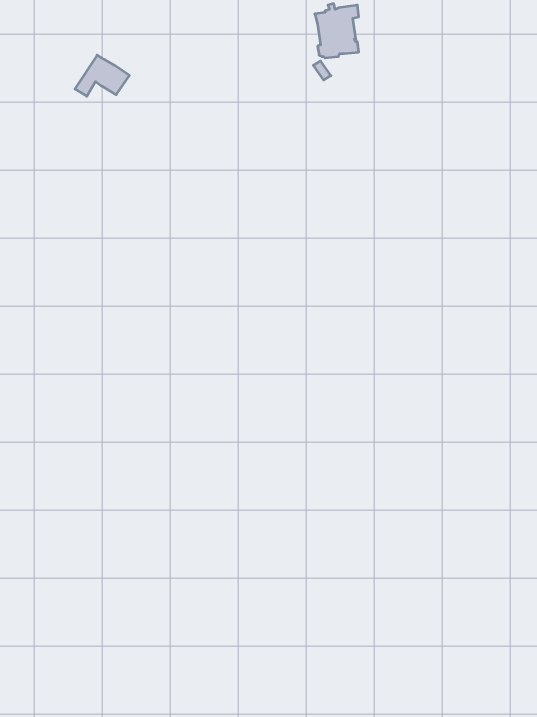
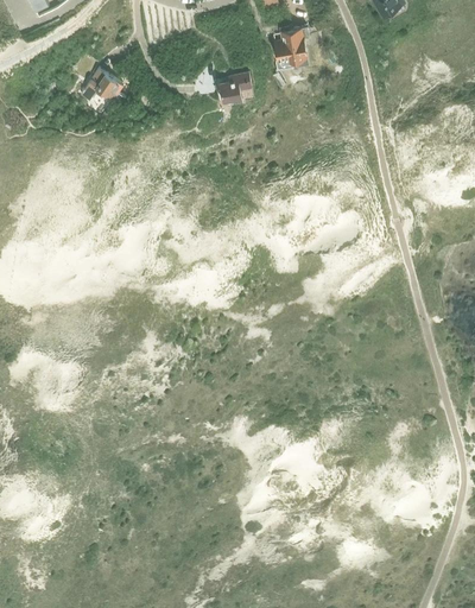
building: none -> [218,71,251,103]

